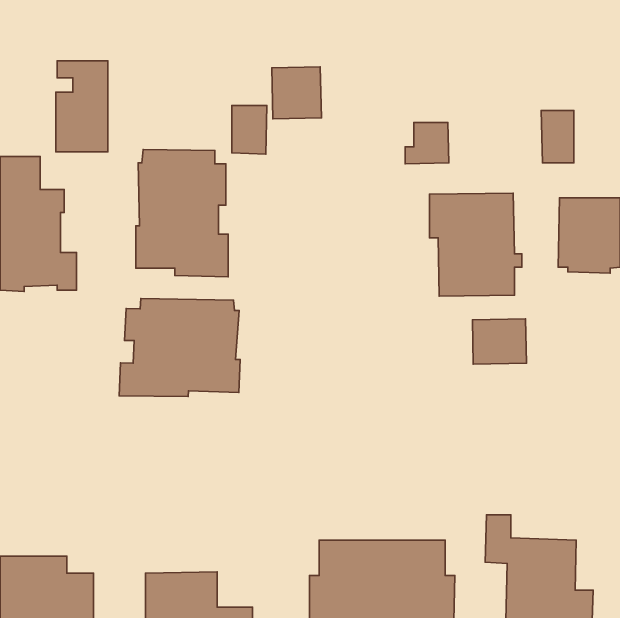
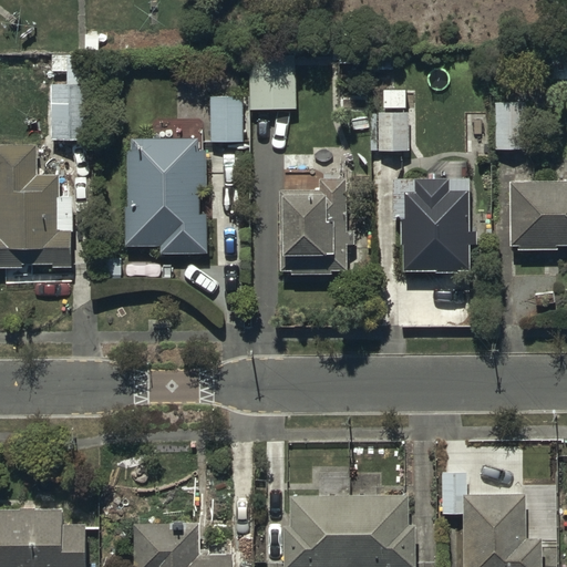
building: none -> [278,178,355,276]
building: [119,298,240,397] -> none
building: [473,319,526,364] -> none

